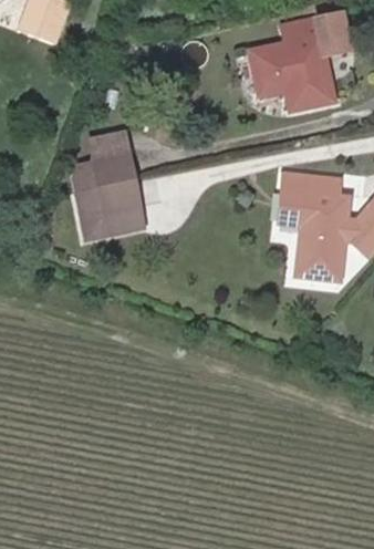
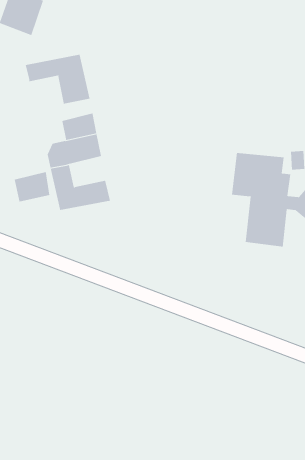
building: [250,13,349,111] -> none
building: none -> [25,54,90,104]
building: [97,178,138,213] -> [14,172,50,202]

